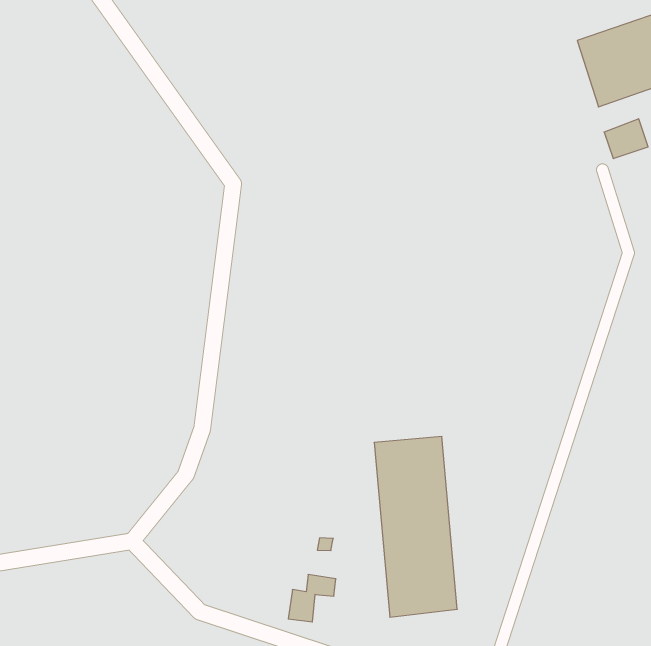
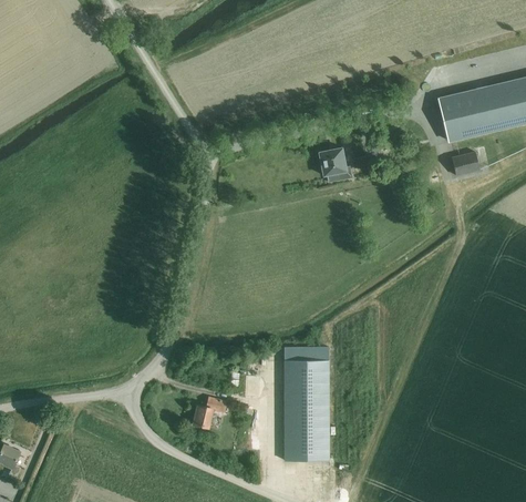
building: none -> [319,147,351,182]
building: [288,575,336,622] -> [193,397,226,428]

